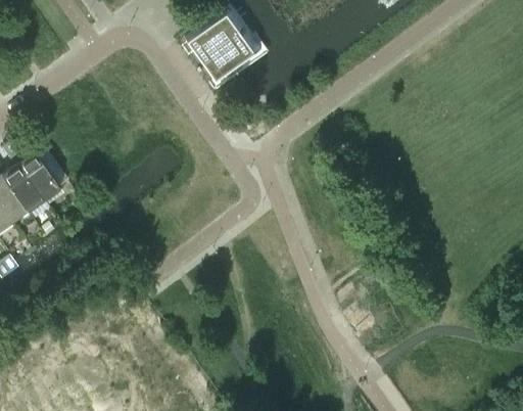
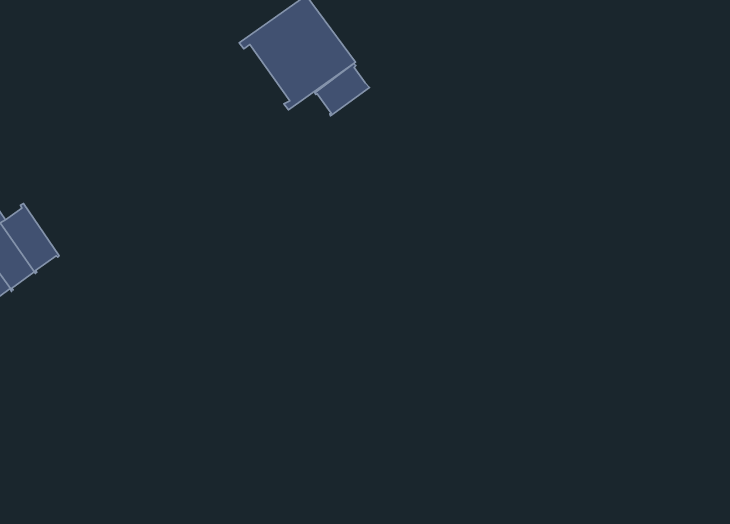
building: none -> [315,63,369,116]

